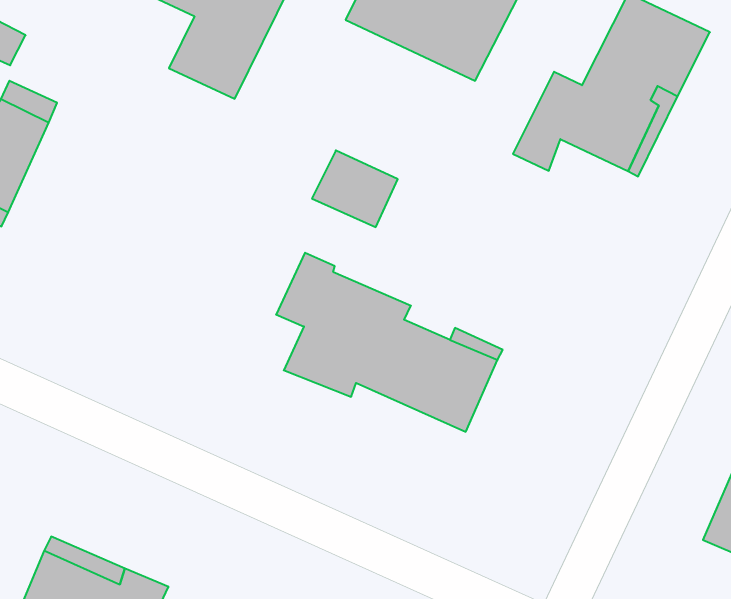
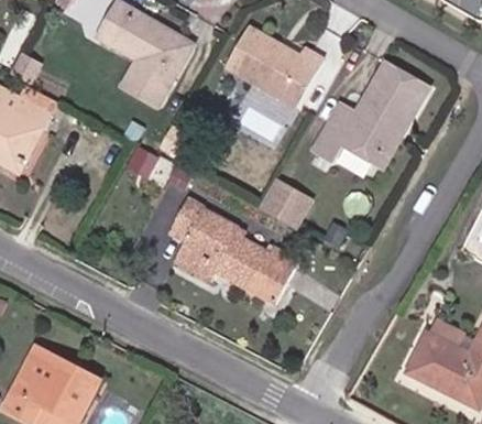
building: [312,150,398,227] -> [259,178,308,224]

